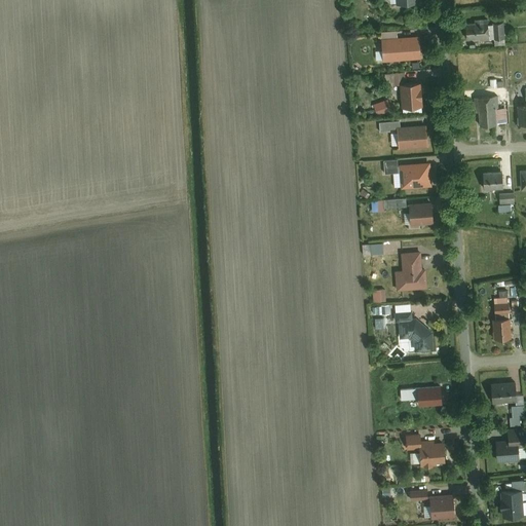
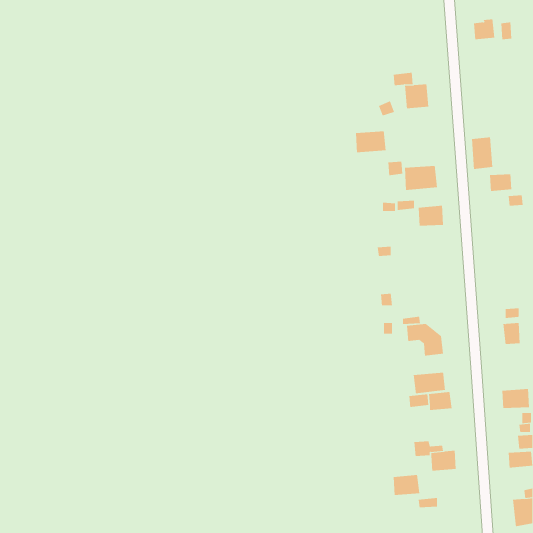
building: [382,36,418,61] -> none
building: [475,97,496,128] -> [471,137,493,169]
building: [394,126,425,148] -> [355,131,387,153]
building: [397,251,427,291] -> none
building: none -> [413,372,446,394]
building: [431,496,458,517] -> [393,475,420,496]

